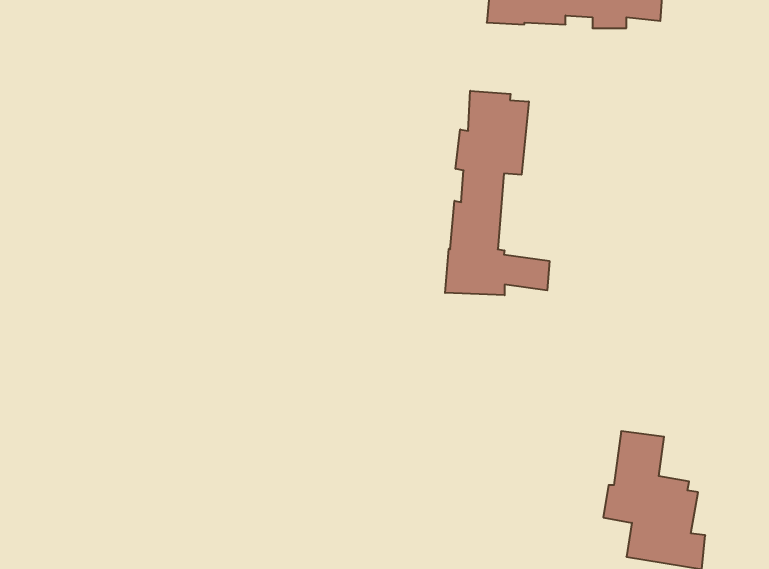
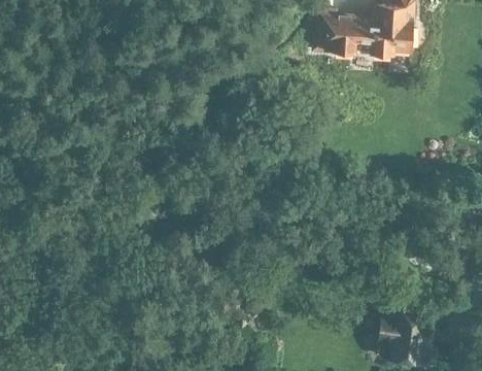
building: [445,91,549,295] -> none

